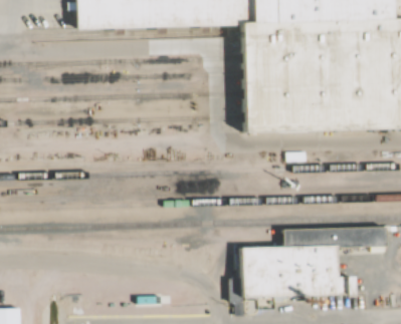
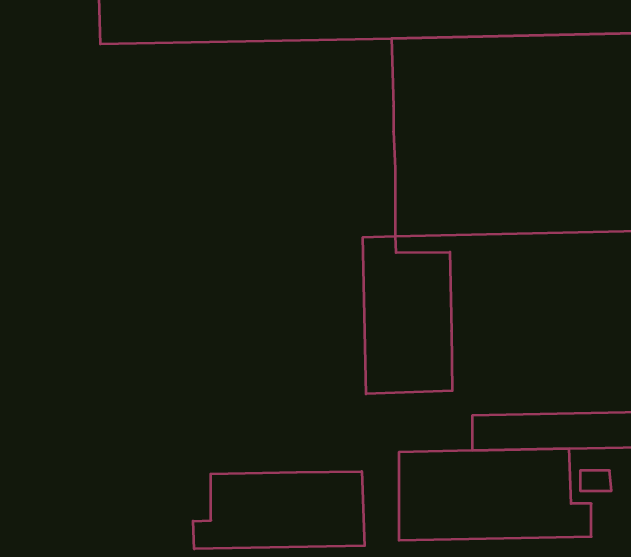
building: none -> [363,236,452,394]
building: none -> [193,471,365,549]

